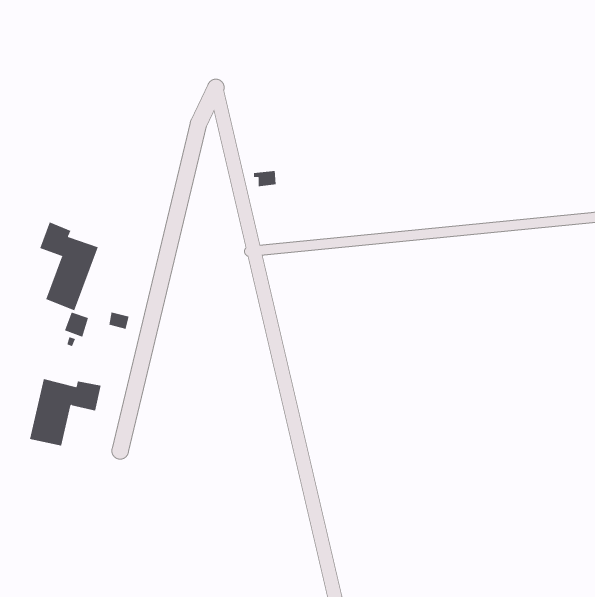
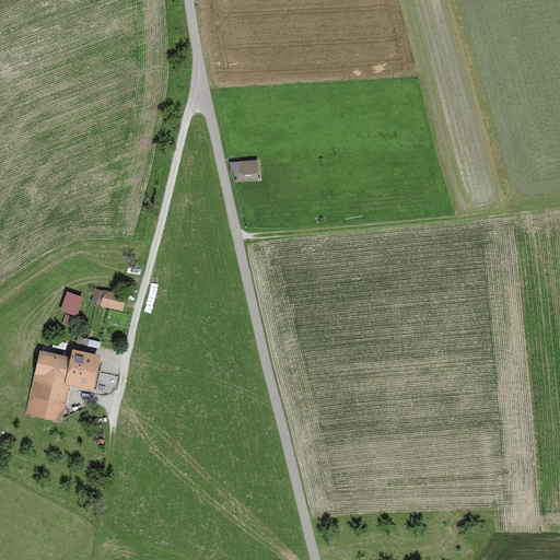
building: [39,221,98,311] -> none

